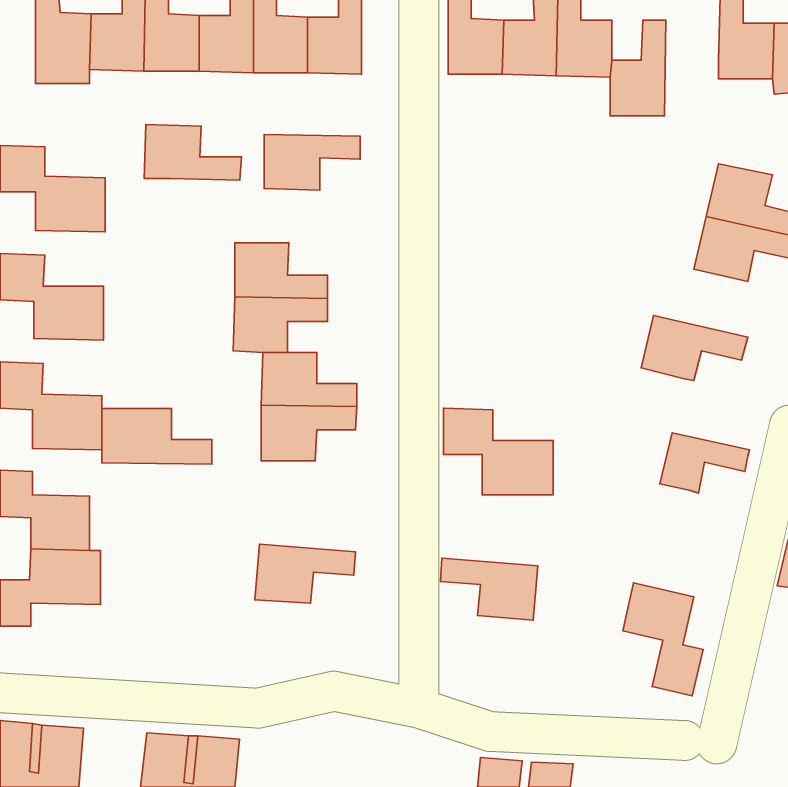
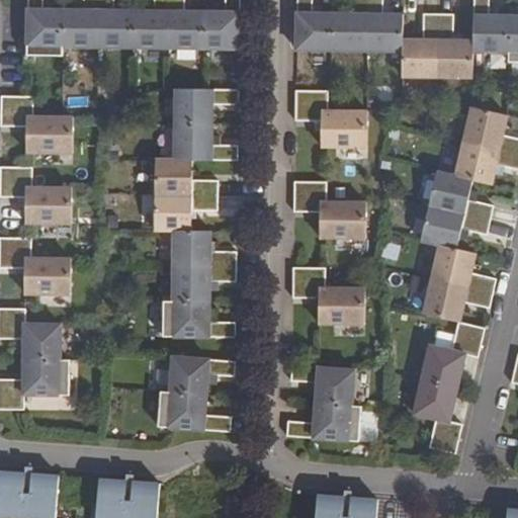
building: none -> [436,13,471,77]
building: [144,124,241,180] -> [173,123,237,160]
building: none -> [293,90,366,147]
building: none -> [429,172,494,221]
building: none -> [292,181,365,238]
building: none -> [441,248,495,294]
building: [102,409,212,464] -> [162,301,234,338]
building: none -> [416,321,484,391]
building: none -> [157,392,230,432]
building: none -> [285,403,359,442]

